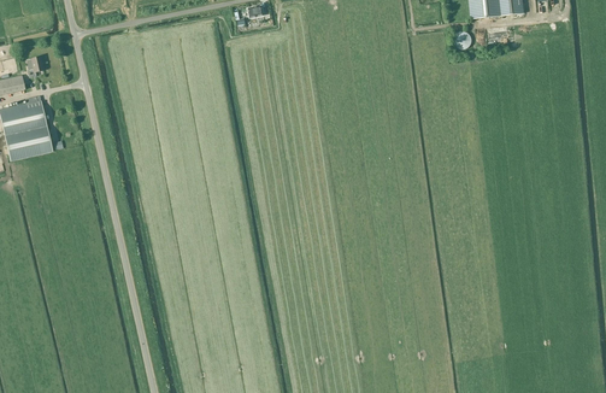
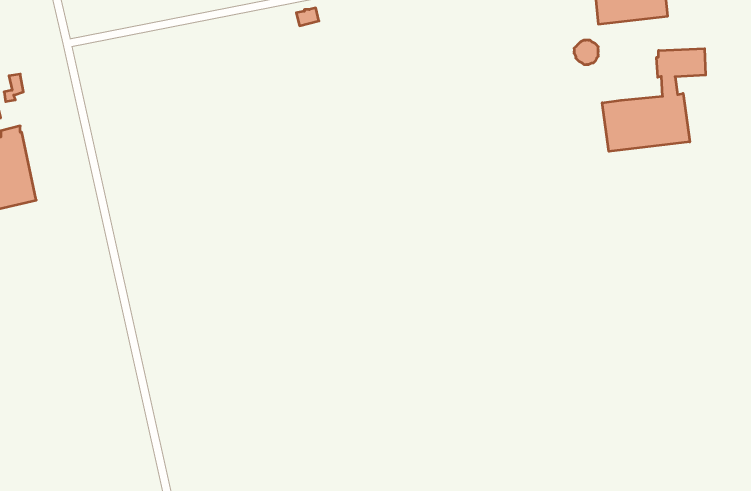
building: none -> [602,49,706,151]

